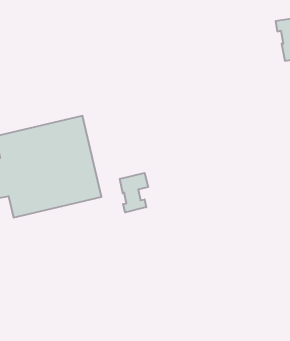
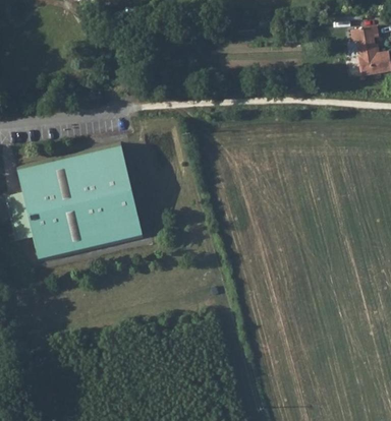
building: [120,173,148,212] -> none

